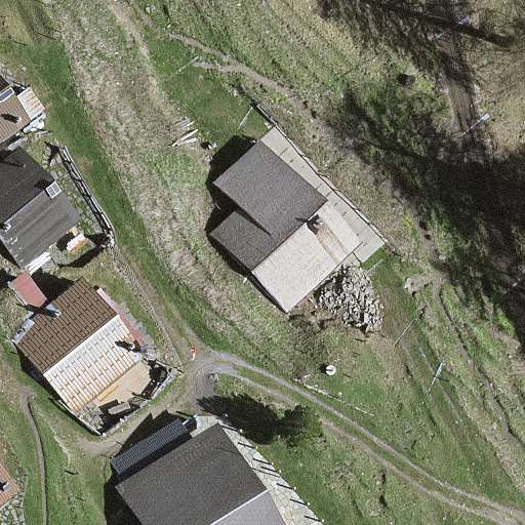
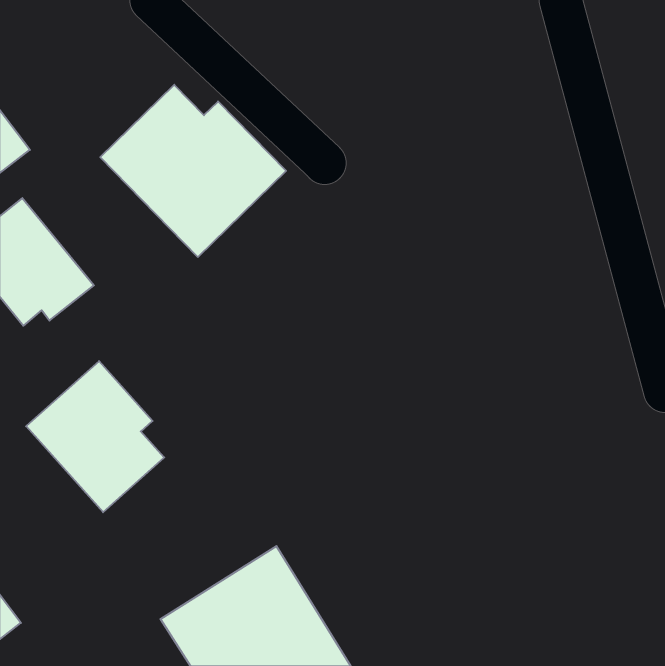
building: none -> [100,85,286,257]
building: [218,146,352,301] -> none

